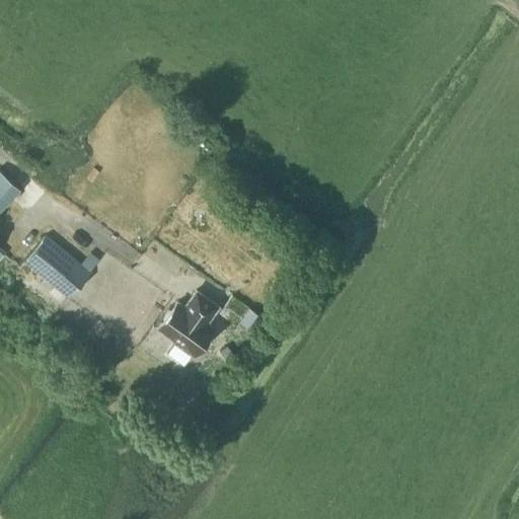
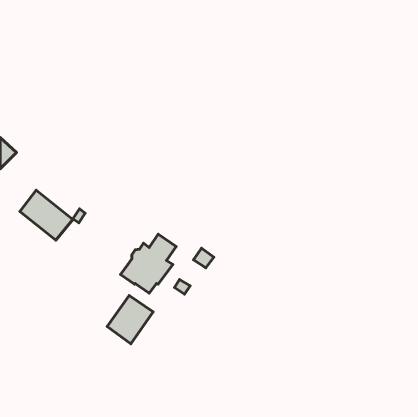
building: none -> [107,296,153,344]

